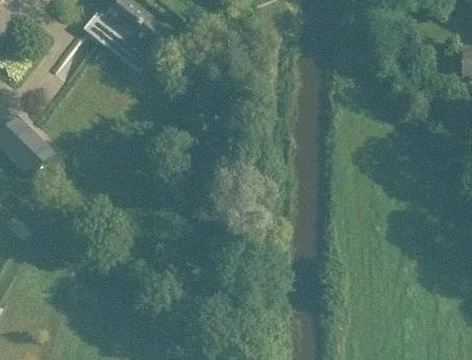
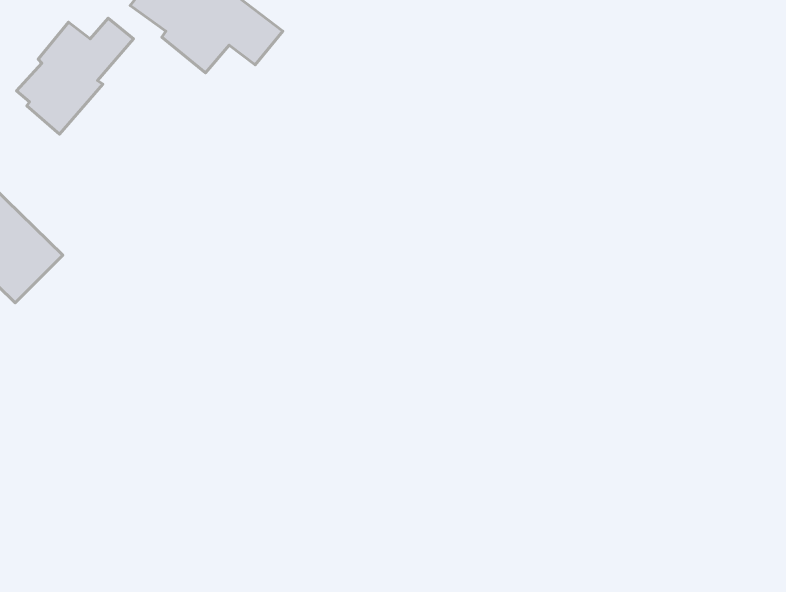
building: none -> [17,18,134,134]

